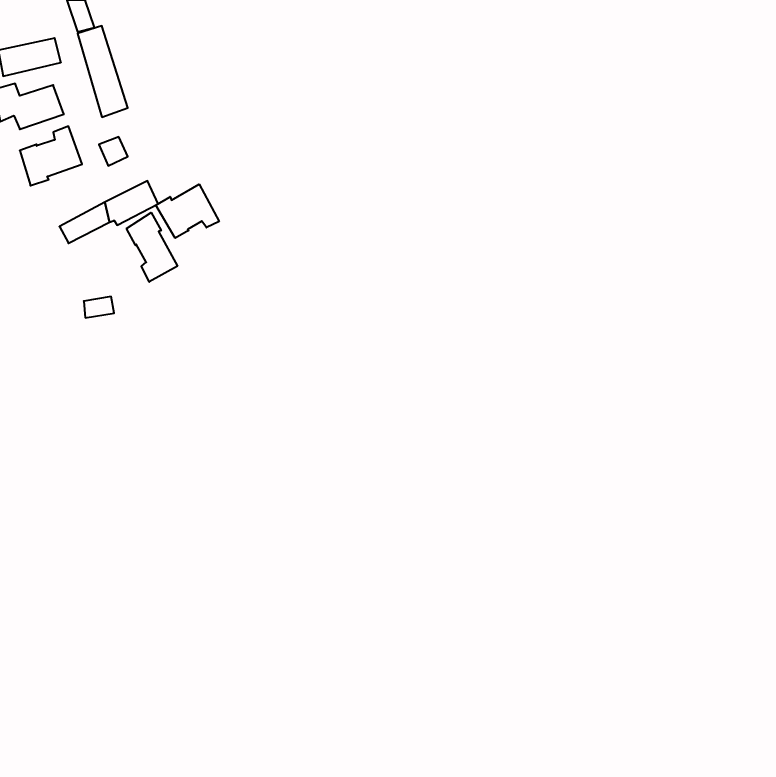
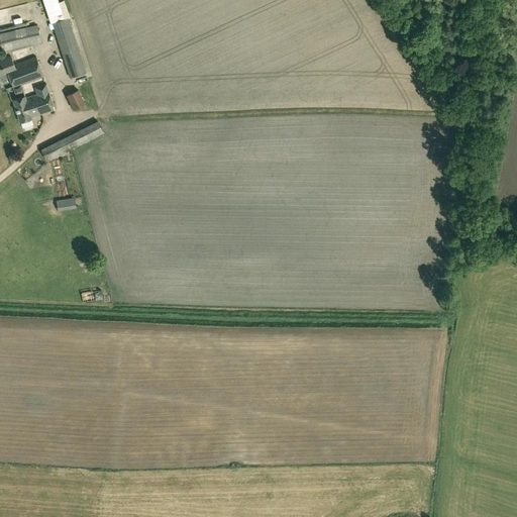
building: [156,184,219,238] -> none
building: [127,213,177,282] -> none

